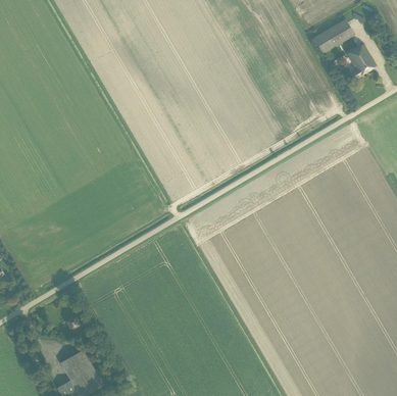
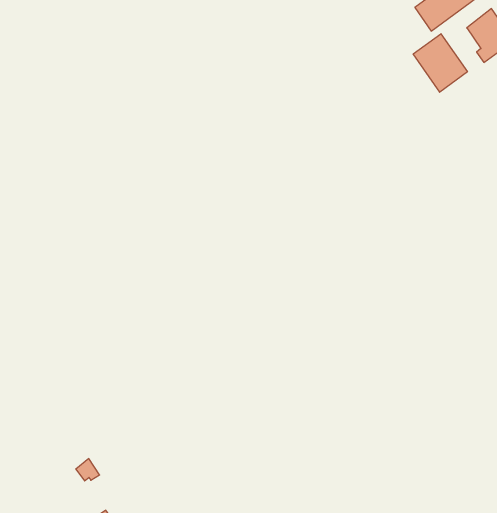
building: none -> [413,34,467,92]

